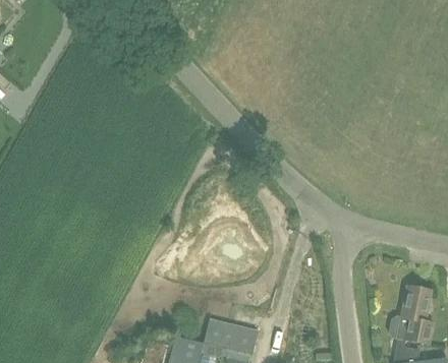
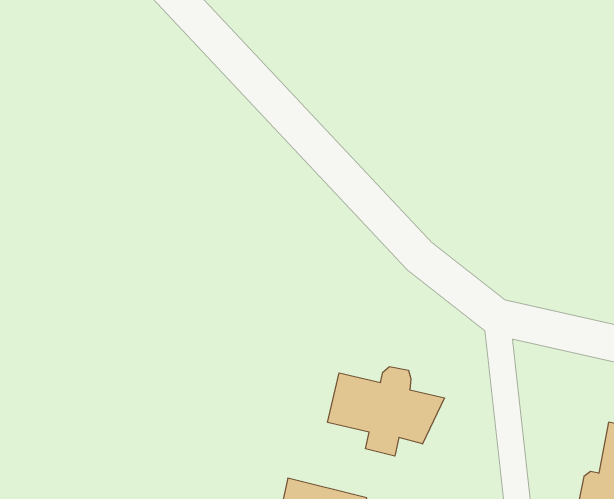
building: none -> [328,367,444,456]

